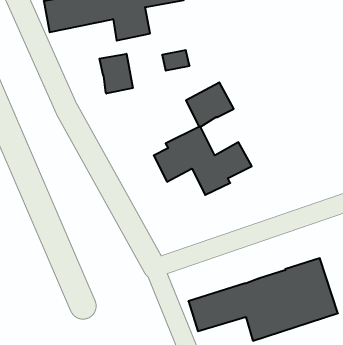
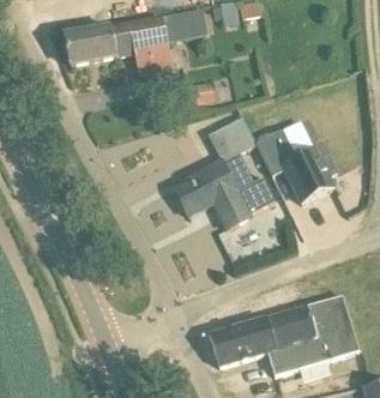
building: [99,54,133,94] -> none
building: none -> [255,131,334,206]

